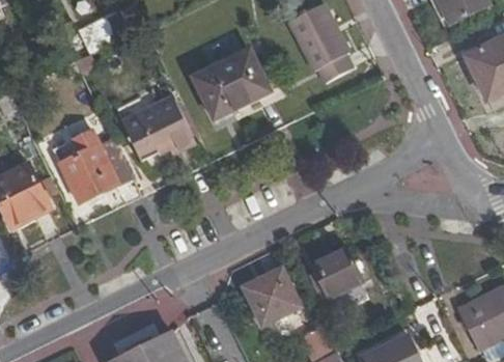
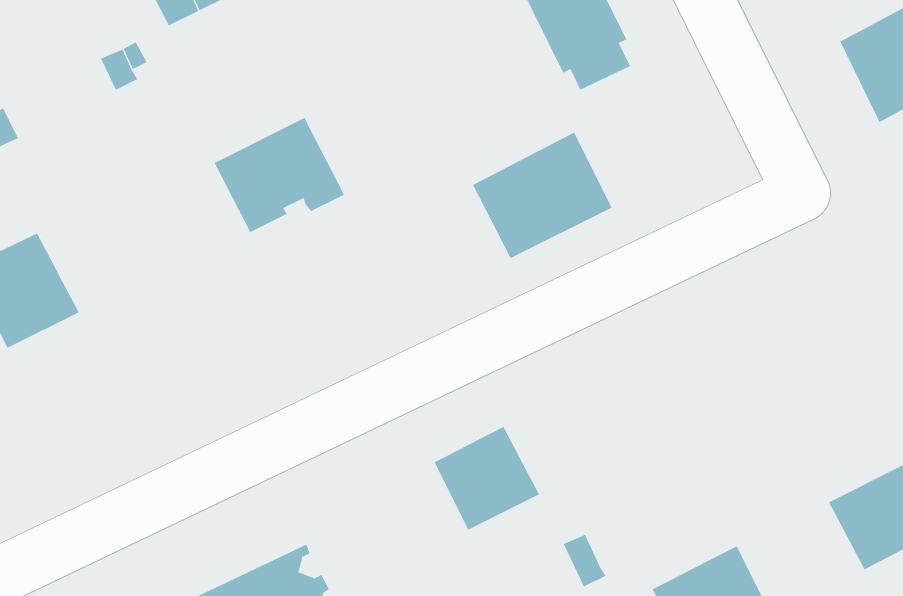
building: [192,50,269,119] -> [472,132,613,259]
building: [58,130,131,203] -> none
building: [312,246,361,295] -> none

